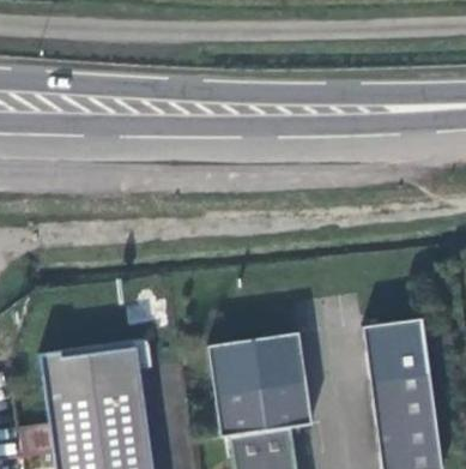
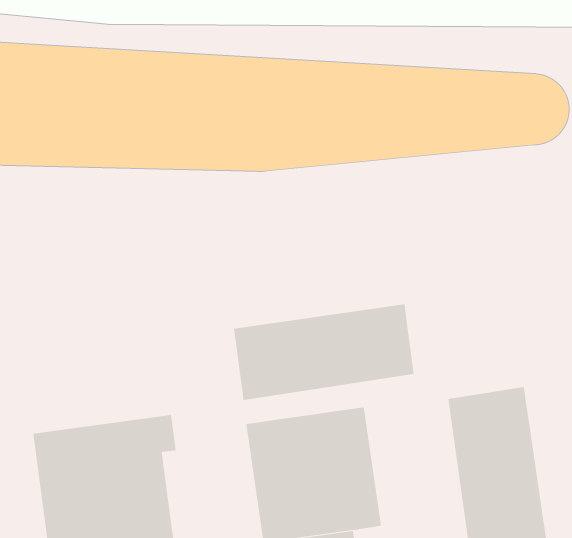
building: none -> [234,304,414,401]

